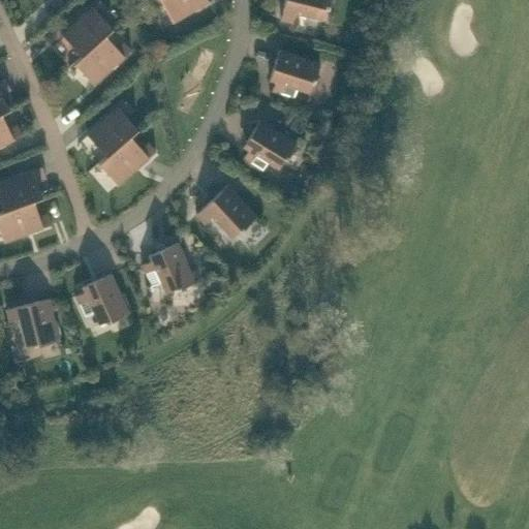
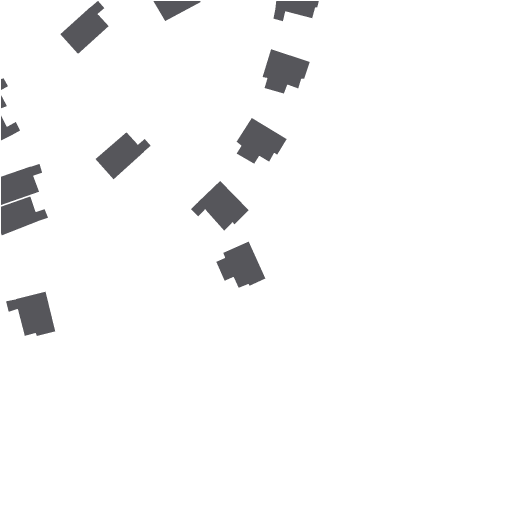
building: [73,27,132,85] -> none
building: [87,100,138,163] -> none
building: [142,243,194,292] -> [215,241,266,289]
building: [75,274,128,323] -> none

